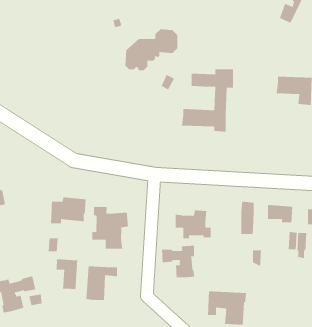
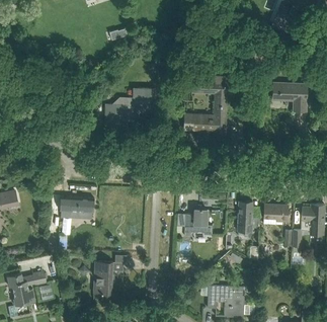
building: [125,29,178,71] -> [105,88,156,128]
building: [92,206,129,250] -> none
building: [161,245,195,278] -> none
building: [56,259,78,290] -> none

